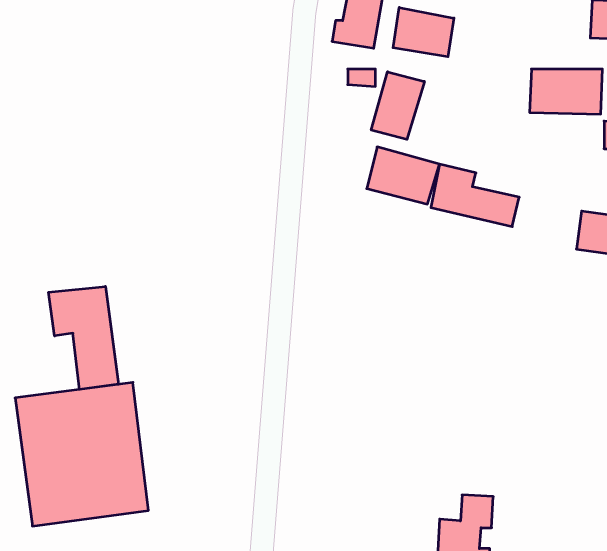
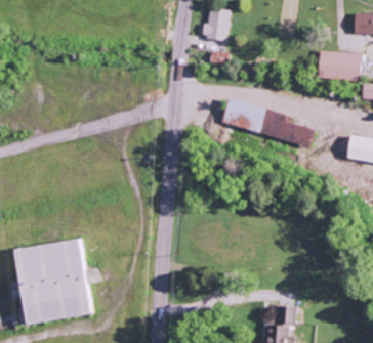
building: [393,7,454,57] -> none
building: [371,72,424,139] -> none
building: [49,286,118,389] -> none

